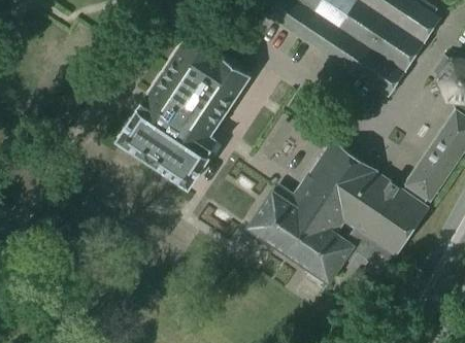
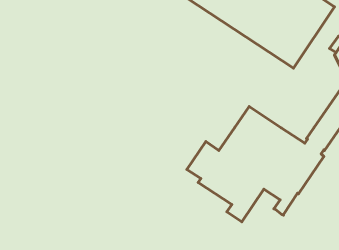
building: [121,34,251,184] -> none

